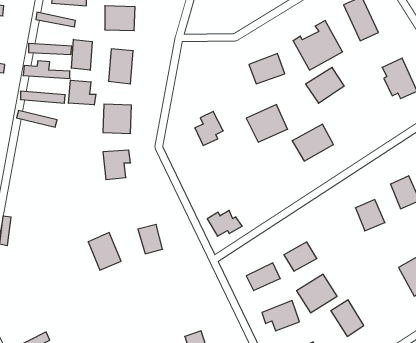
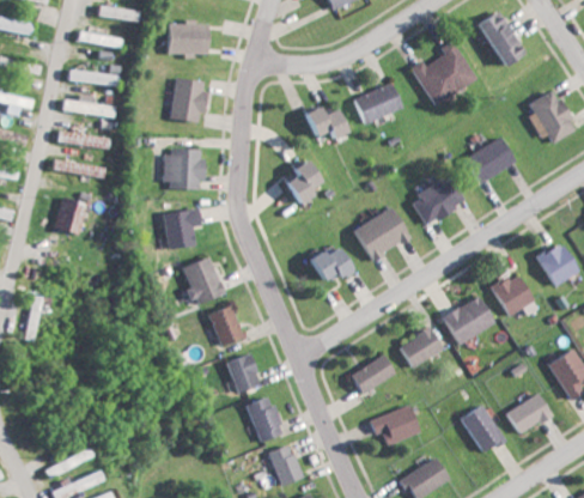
building: [72,39,92,70] -> none
building: [306,67,344,103] -> [464,138,515,184]
building: none -> [302,107,348,139]
building: [68,80,96,105] -> none
building: [246,105,288,142] -> [353,209,407,259]
building: none -> [55,199,87,235]
building: [207,210,242,236] -> [306,248,352,281]
building: [88,233,121,270] -> [181,256,224,305]
building: none -> [227,354,258,393]
building: [297,274,337,313] -> [442,296,494,346]
building: none -> [507,394,552,435]
building: none -> [247,396,284,443]

